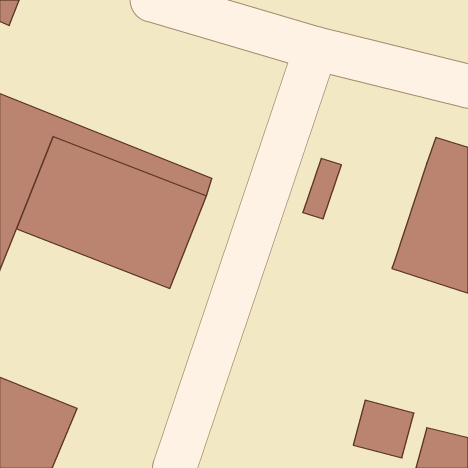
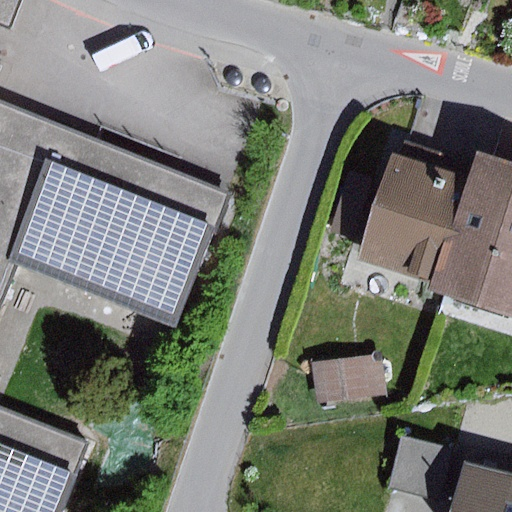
building: none -> [357,154,465,285]
building: none -> [311,355,385,407]

